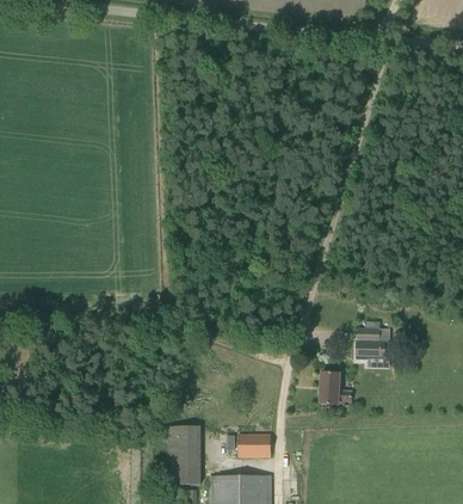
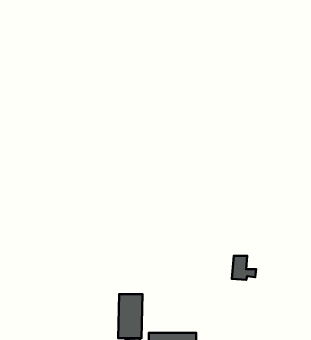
building: [354,327,384,358] -> none
building: [236,432,270,457] -> none

